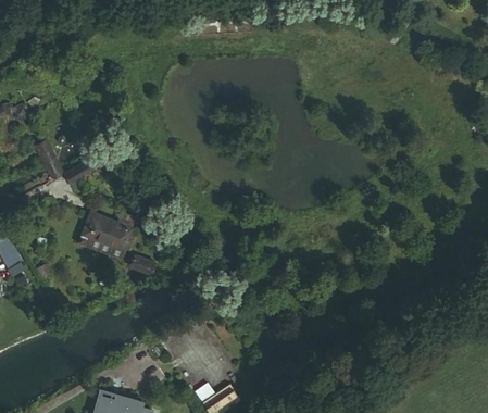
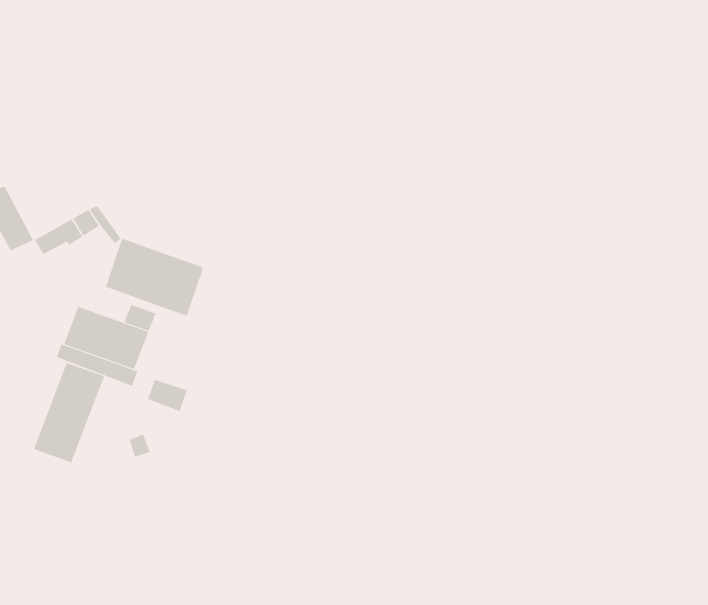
building: none -> [105,238,204,317]
building: none -> [33,362,105,463]

